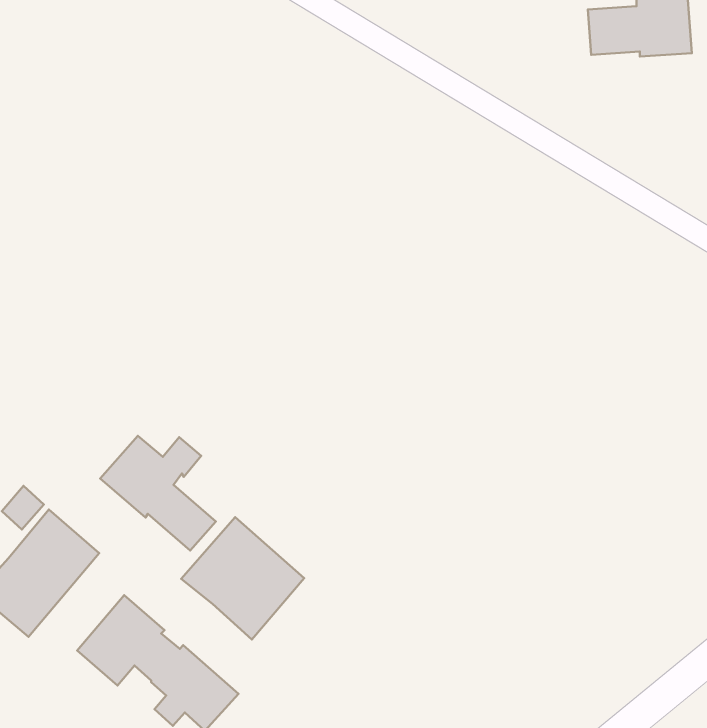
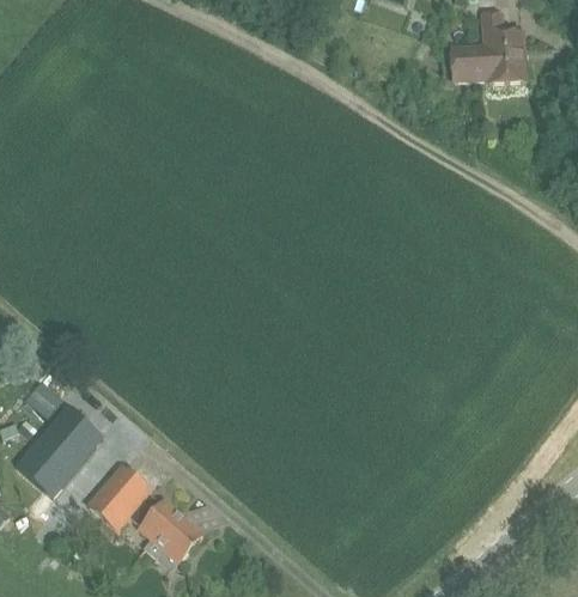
building: [100,436,216,550] -> none
building: [181,517,304,639] -> none

